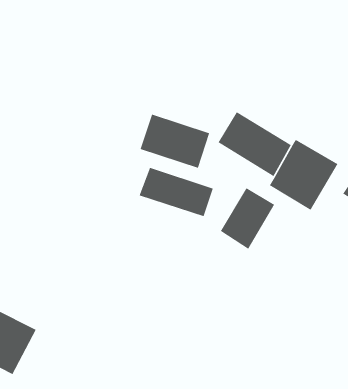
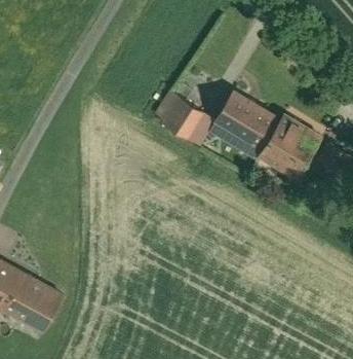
building: [138,167,214,217] -> none
building: [220,187,275,250] -> none

